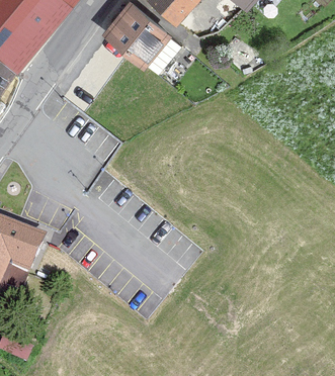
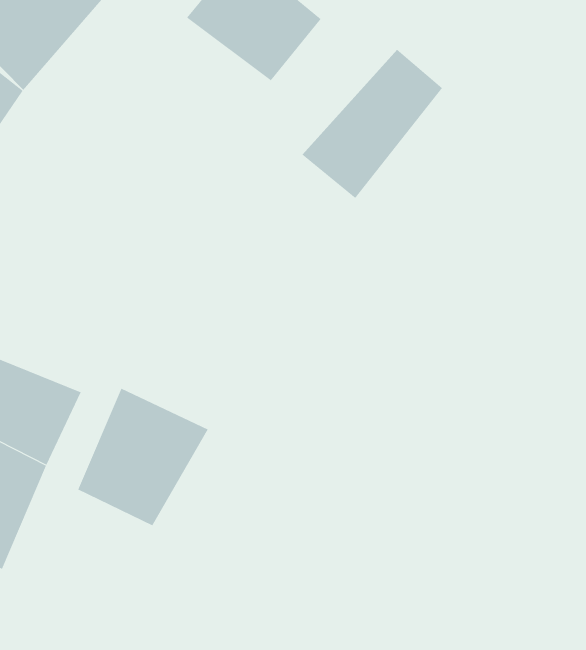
building: none -> [301,49,443,199]
building: none -> [78,388,209,526]

